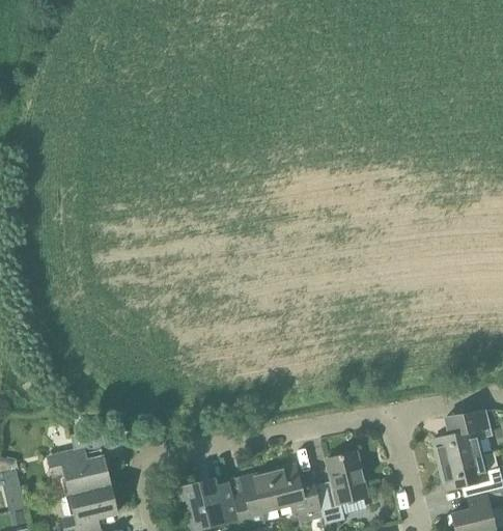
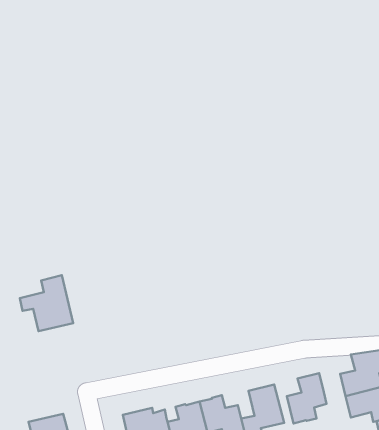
building: [48,429,110,495] -> [20,275,73,331]
building: none -> [287,373,327,424]

